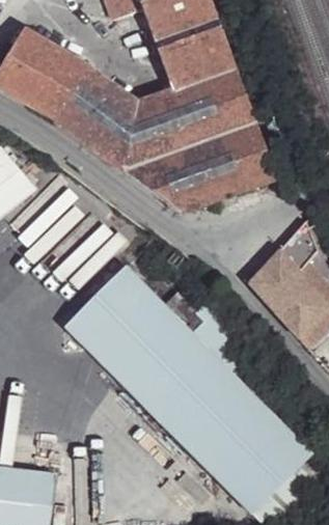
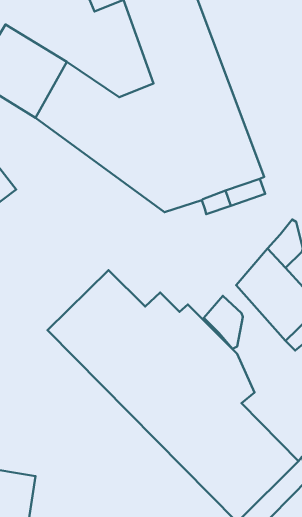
building: none -> [204,296,243,349]

